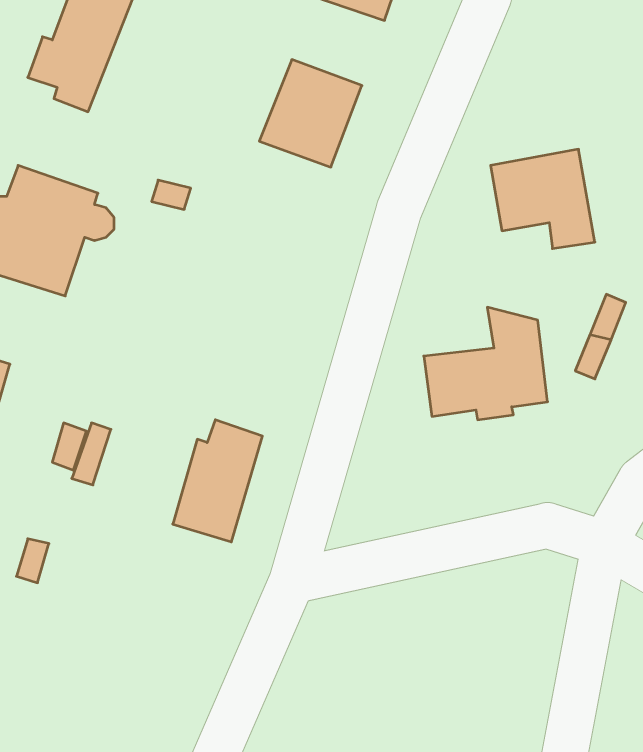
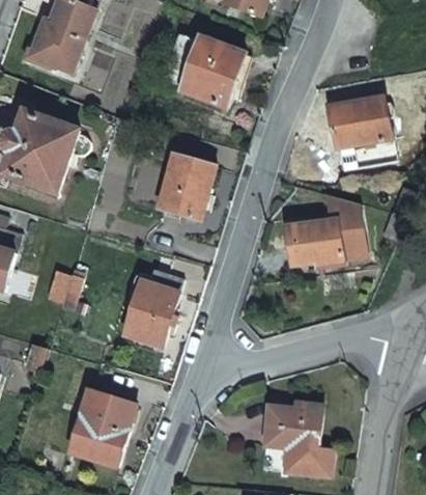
building: none -> [160,154,215,219]
building: none -> [69,390,134,465]
building: none -> [266,401,331,474]

